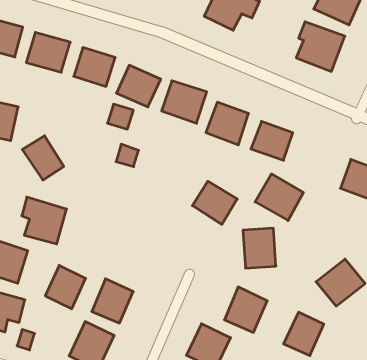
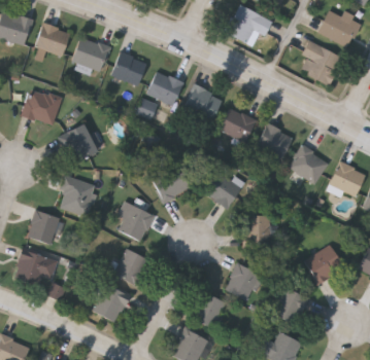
building: [255,174,303,221] -> [289,143,330,183]
building: none -> [153,165,191,202]
building: [45,265,86,309] -> [120,204,155,241]

